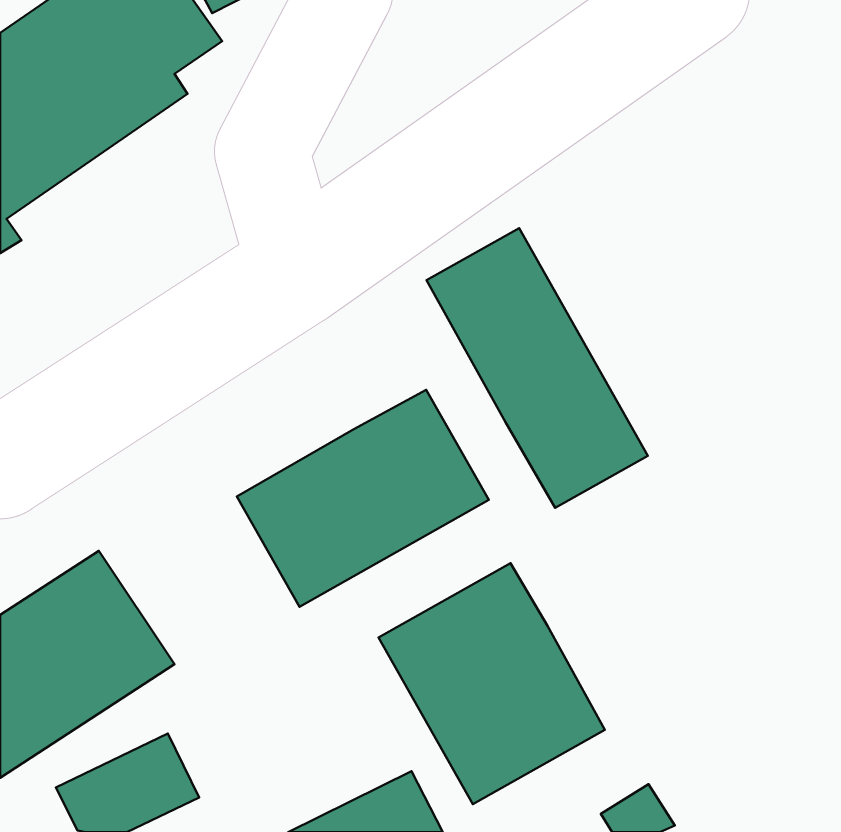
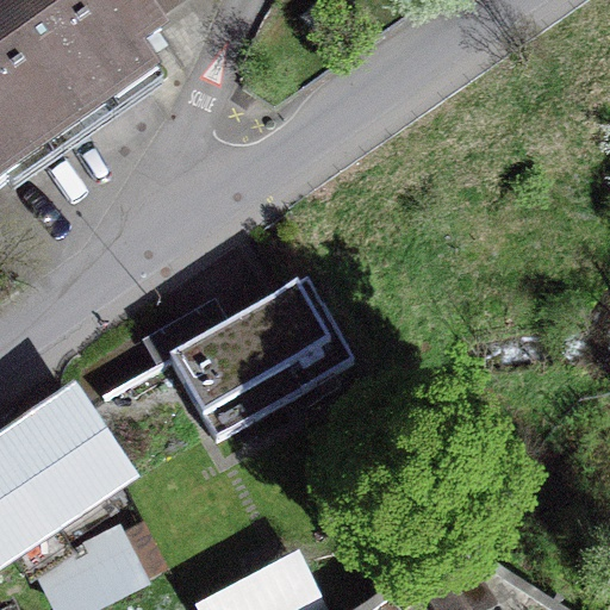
building: [427,228,648,508] -> none
building: [378,563,605,804] -> none

